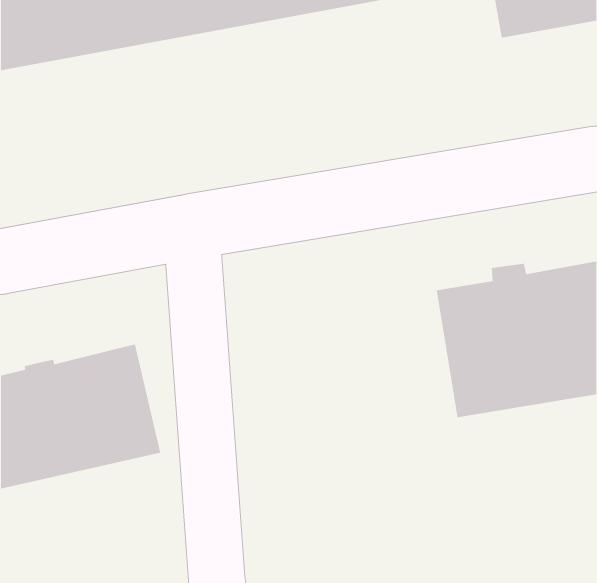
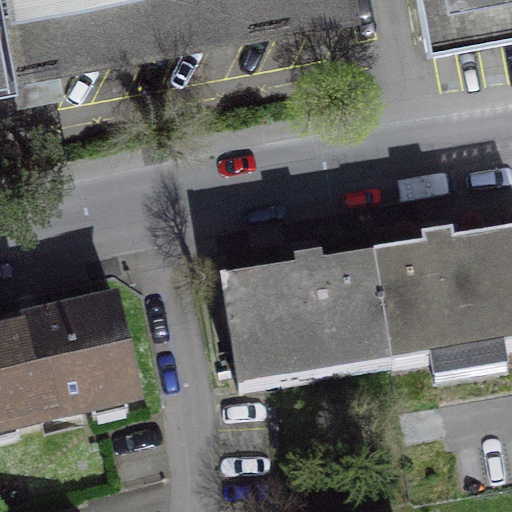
building: none -> [220,248,391,382]

